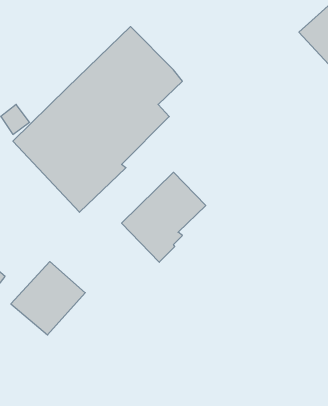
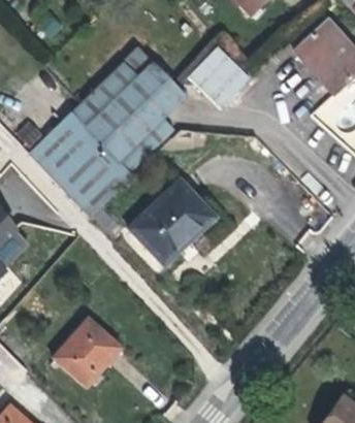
building: none -> [190,45,255,107]
building: [11,262,85,335] -> [54,319,123,387]

